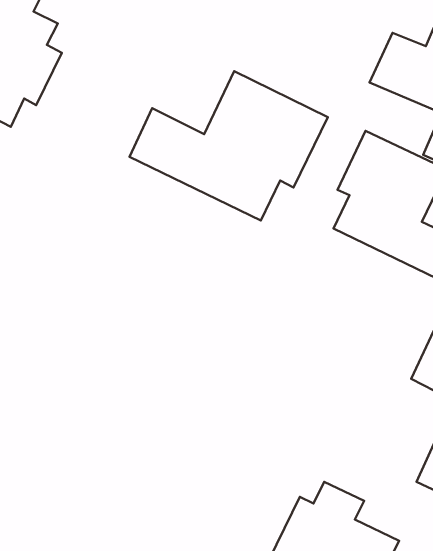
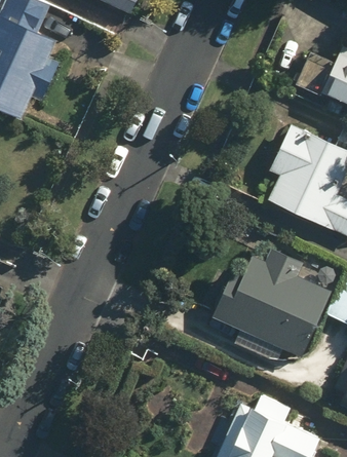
building: [130,71,328,220] -> none
building: none -> [210,251,331,361]

